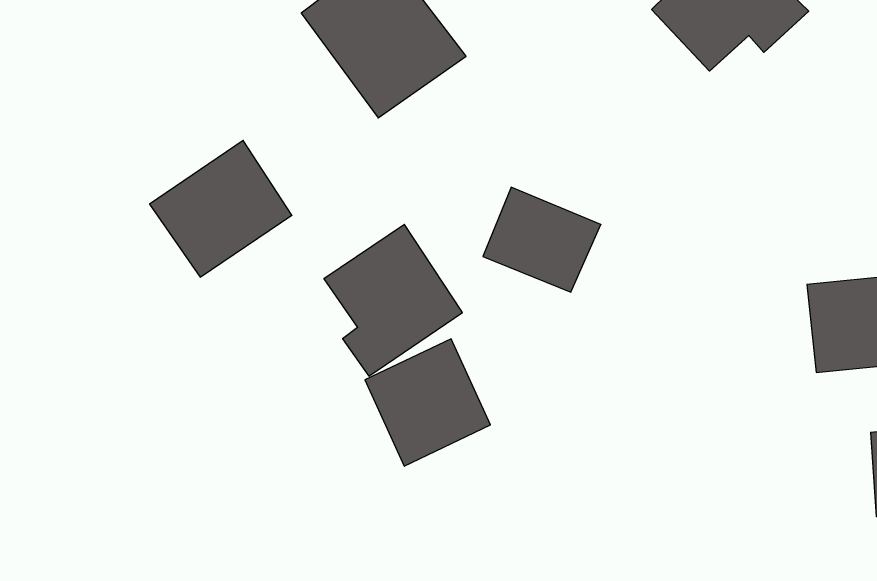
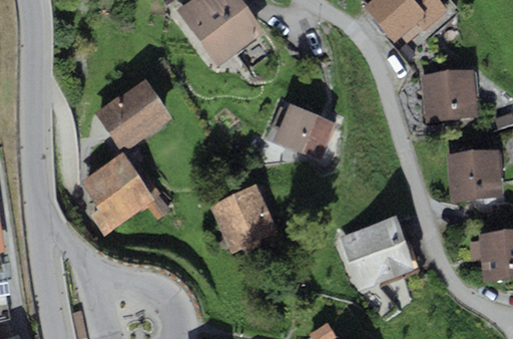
building: none -> [421,71,478,121]
building: [324,224,462,376] -> [80,153,154,235]
building: none -> [340,217,415,290]

